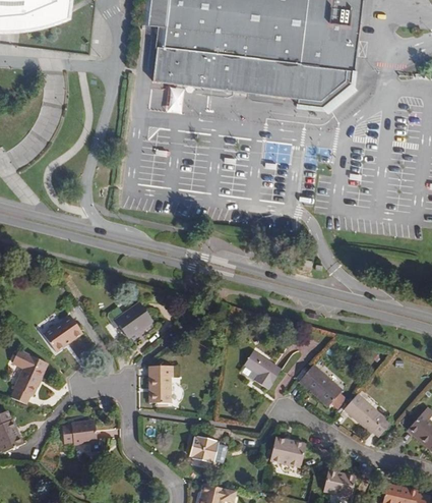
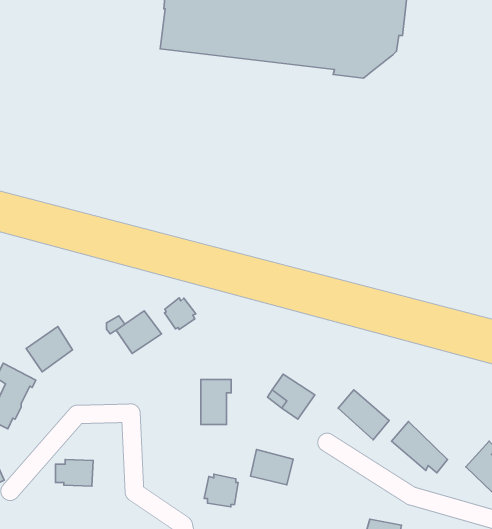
building: none -> [164,298,196,329]
building: [145,367,171,404] -> [201,379,231,424]
building: [271,440,307,469] -> [250,449,293,485]

